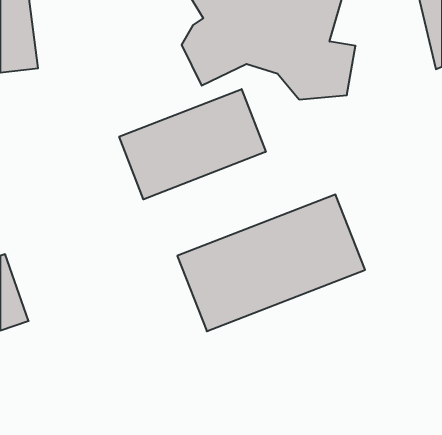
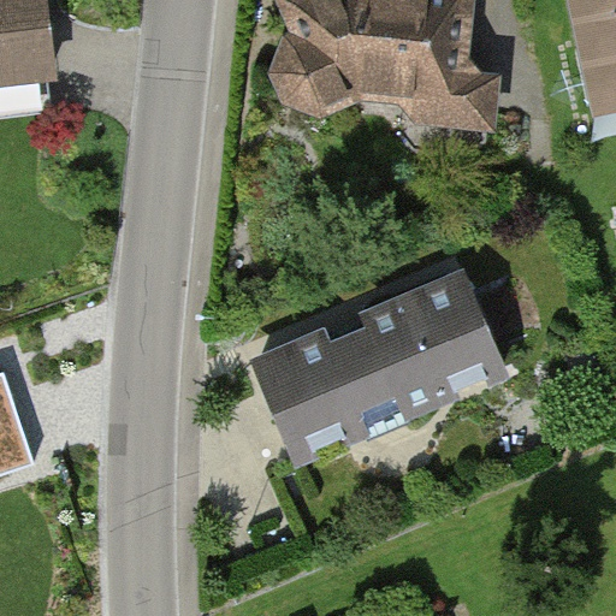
building: [119,89,266,199] -> none

